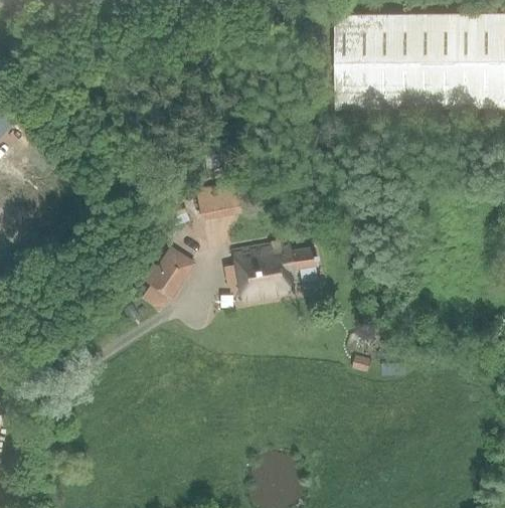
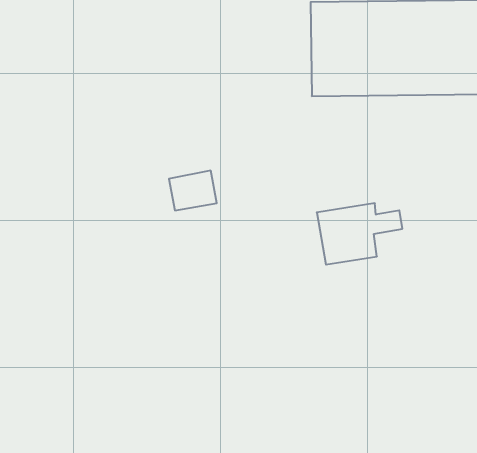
building: [233,240,318,301] -> [317,203,402,265]
building: [145,249,192,303] -> none

